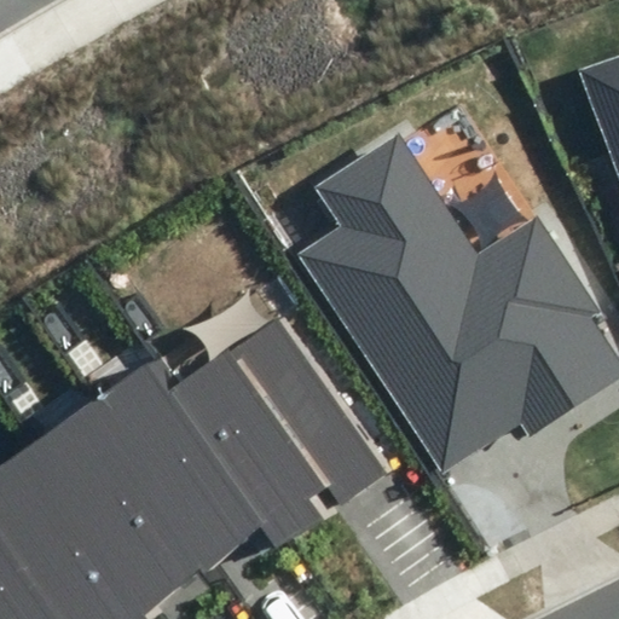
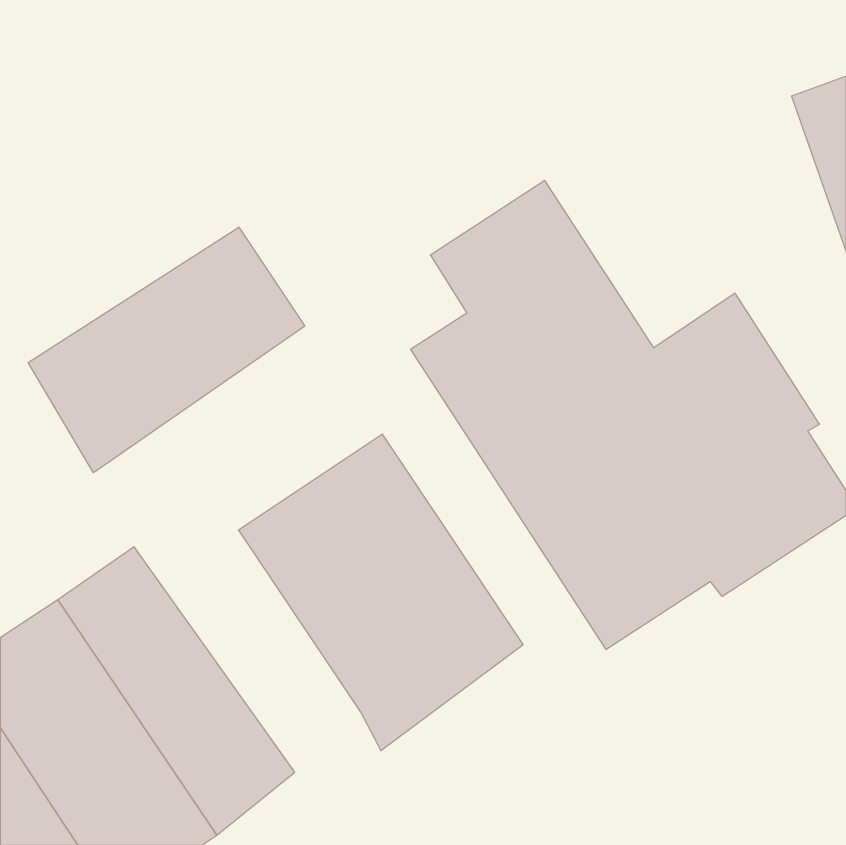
building: none -> [28,227,305,473]
building: [98,360,264,563] -> none

